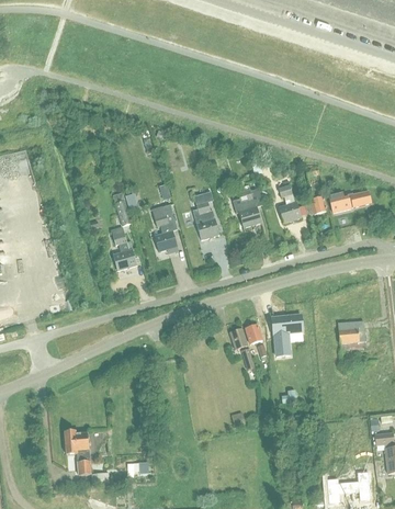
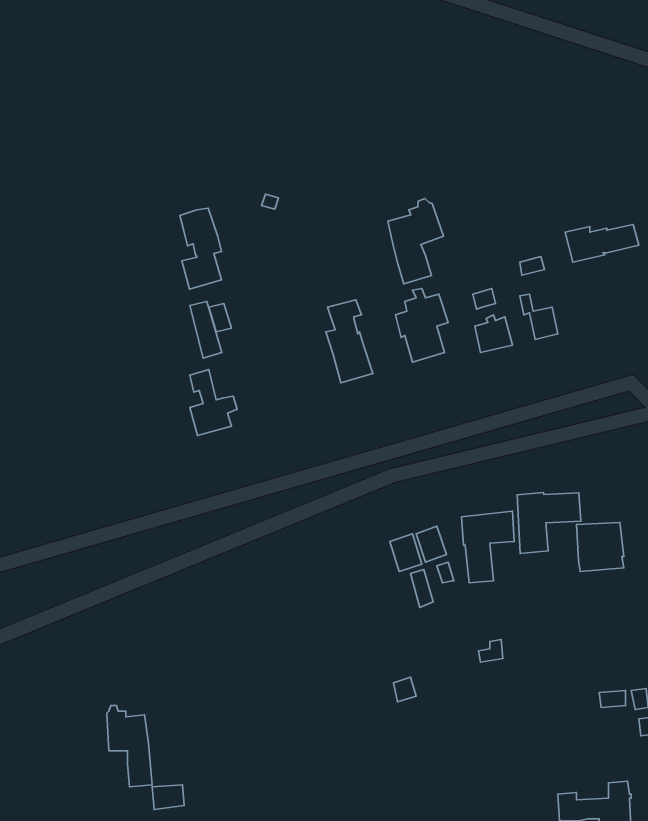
building: none -> [388,199,443,284]
building: [328,190,371,212] -> [565,225,639,262]
building: [153,204,177,251] -> [180,208,221,289]
building: none -> [517,492,581,554]

